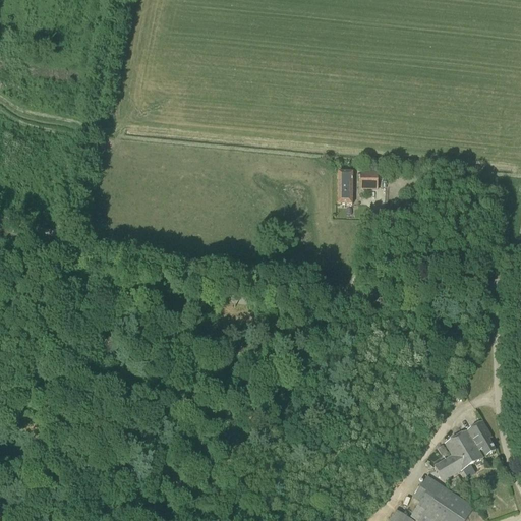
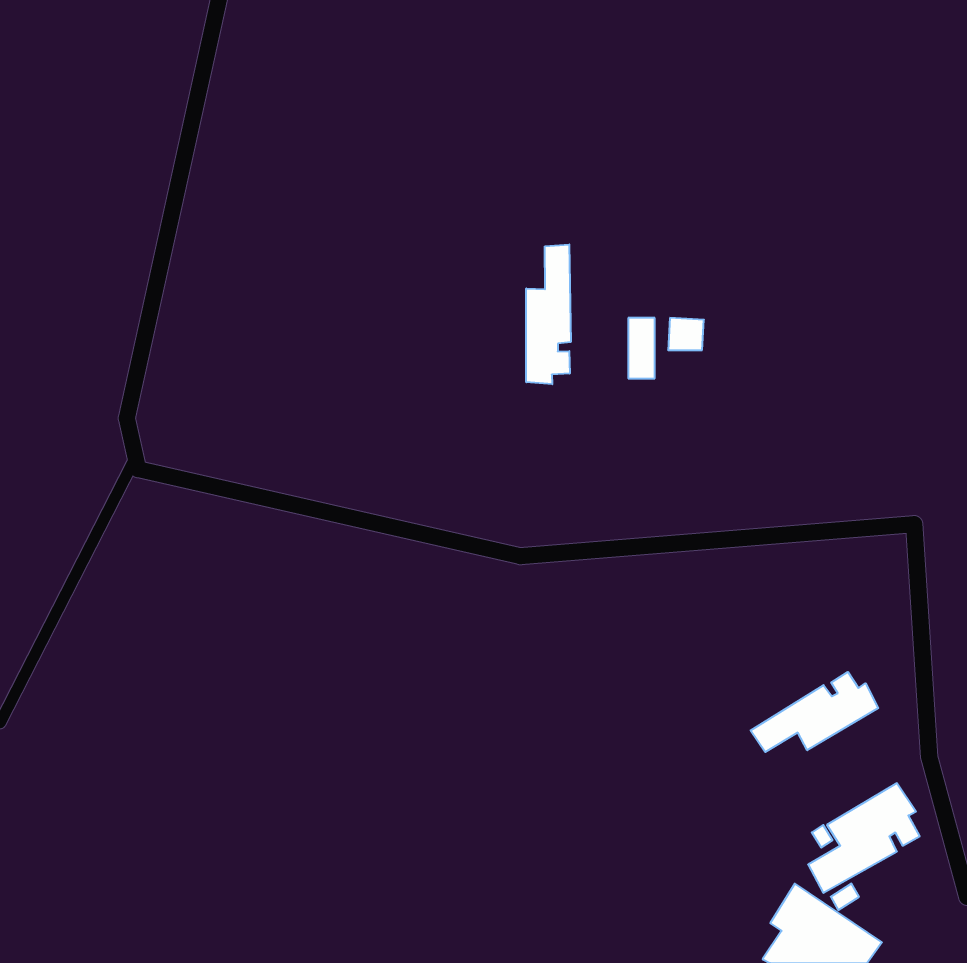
building: none -> [526,244,571,384]
building: none -> [751,672,878,752]

